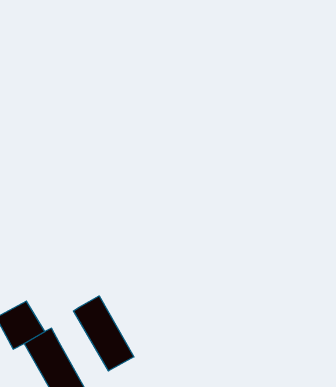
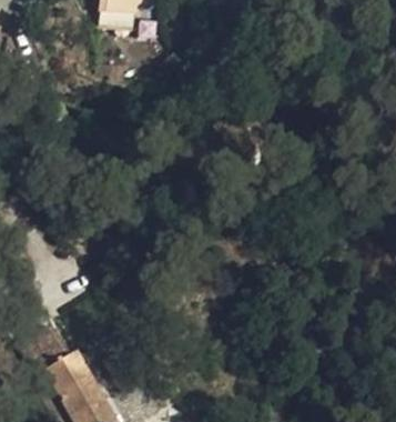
building: [73,296,134,371] -> none

